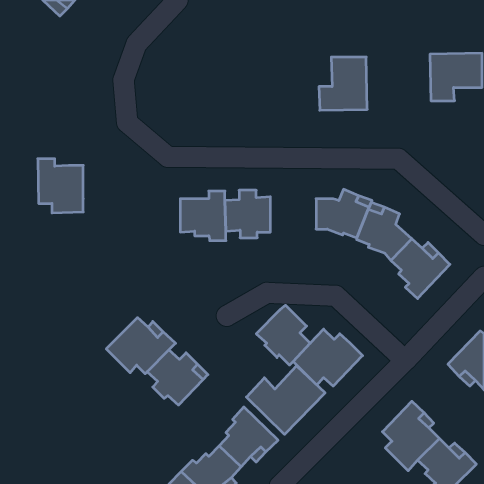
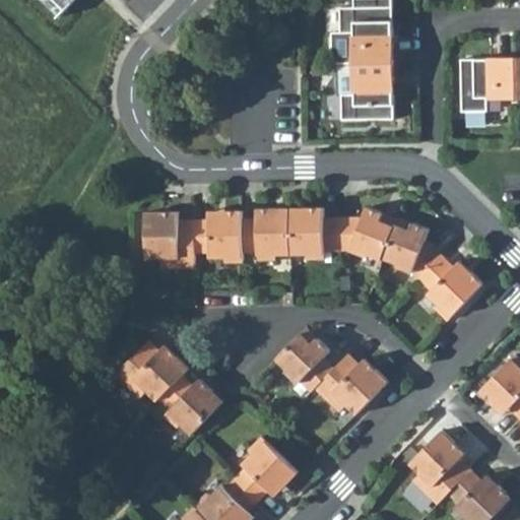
building: none -> [340,7,392,63]
building: [38,159,83,213] -> [144,207,193,265]
building: none -> [289,204,338,255]
building: [246,366,325,434] -> none

